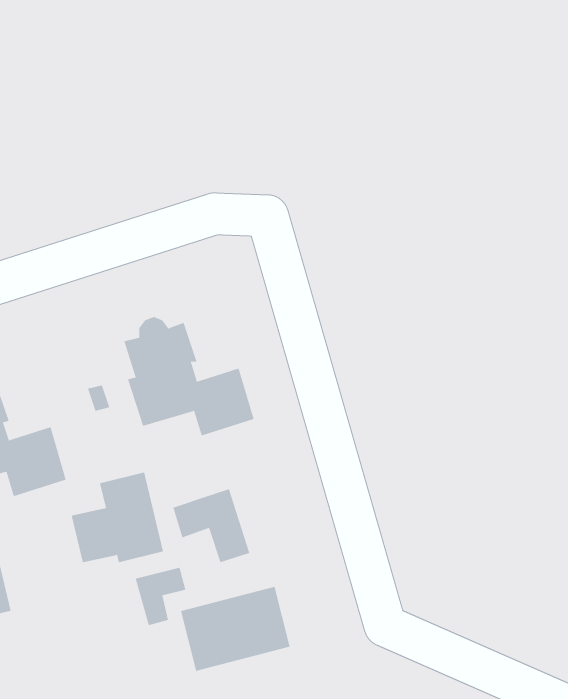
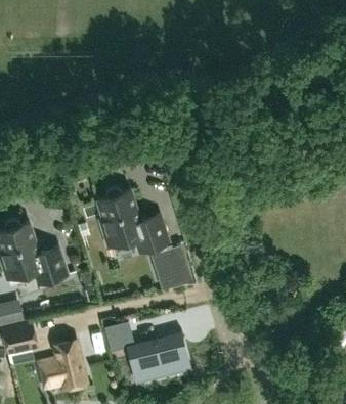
building: [71,472,164,563] -> [38,340,88,389]
building: [172,489,250,563] -> [152,245,193,285]

